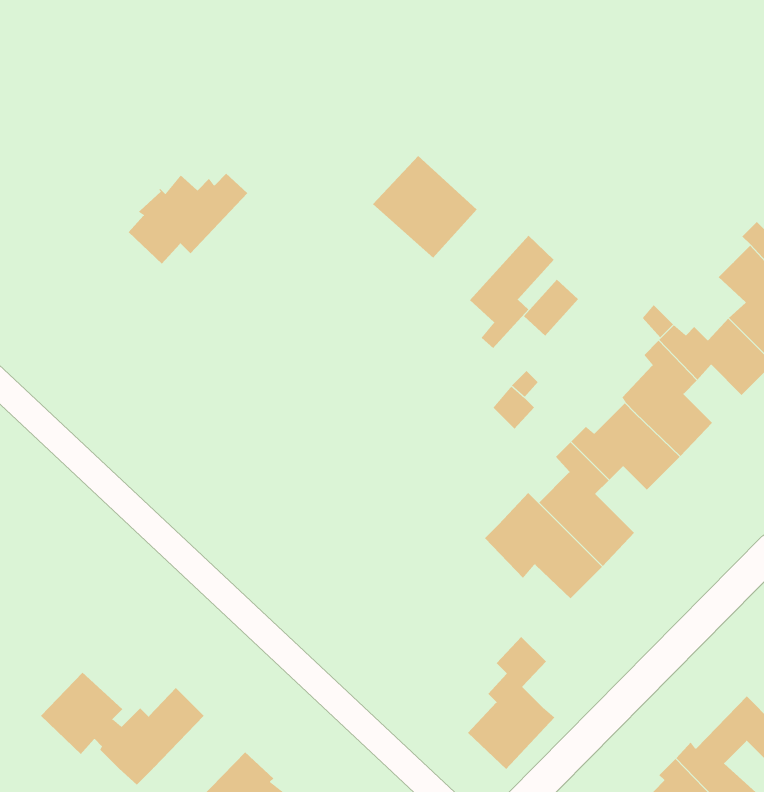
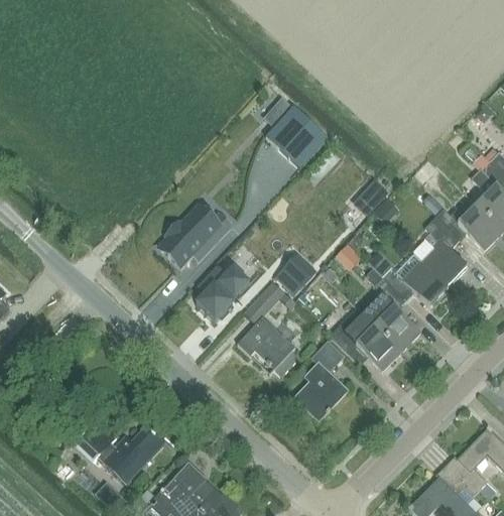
building: [128,173,248,264] -> [160,215,232,269]
building: [469,235,554,349] -> none
building: none -> [281,254,316,287]
building: none -> [196,267,249,322]
building: none -> [237,283,298,378]
building: [467,636,555,770] -> [294,342,347,421]

